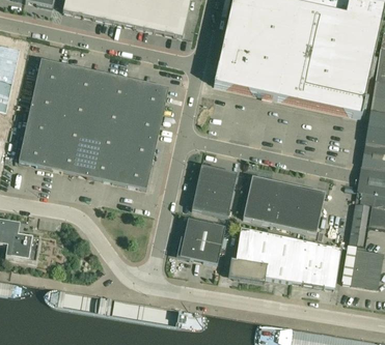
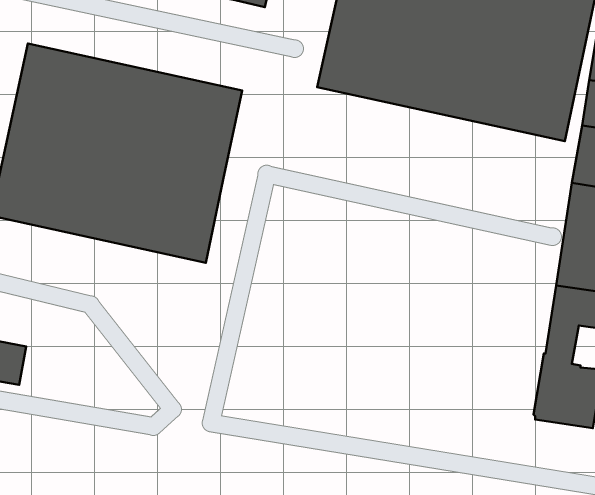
building: [191,164,237,215] -> none
building: [243,175,325,233] -> none
building: [180,218,225,263] -> none
building: [227,227,340,288] -> none

